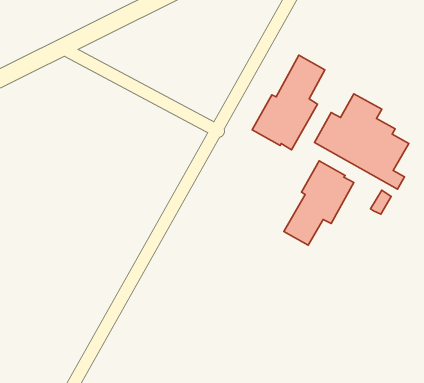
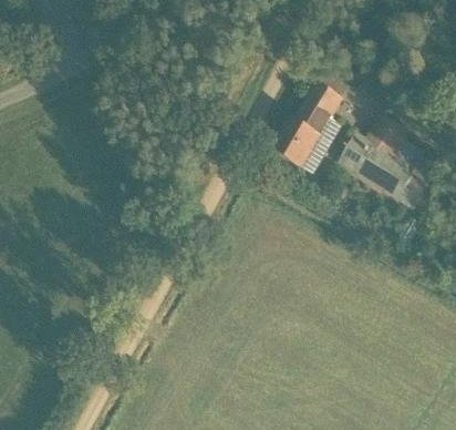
building: [284,161,354,245] -> none

